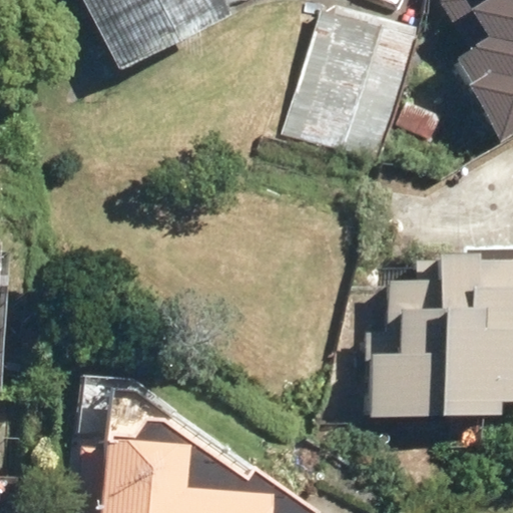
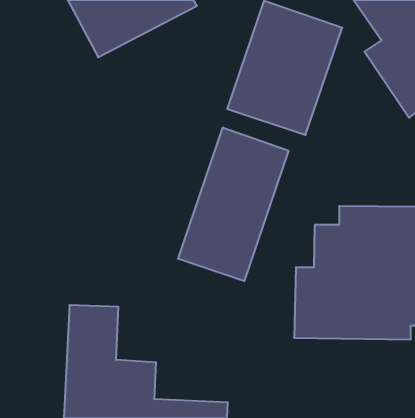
building: none -> [178,127,288,281]

